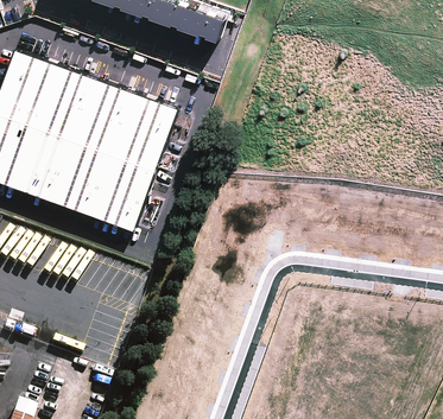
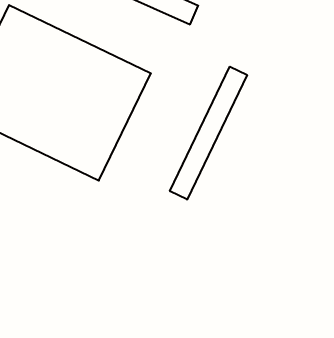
building: none -> [170,67,247,200]

